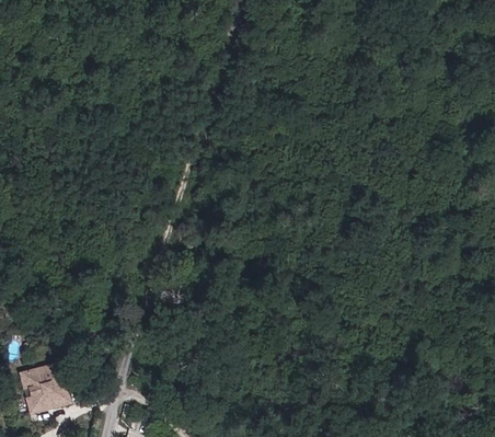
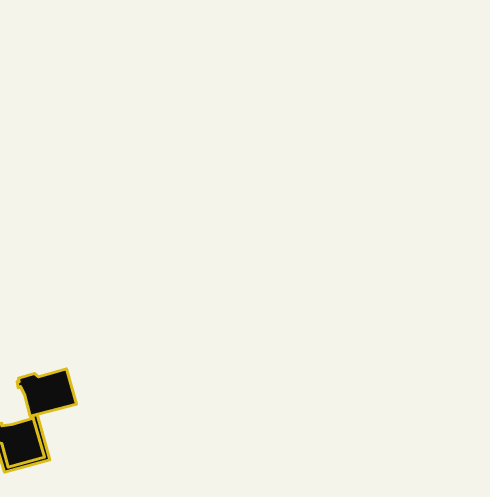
building: none -> [17,369,76,416]

